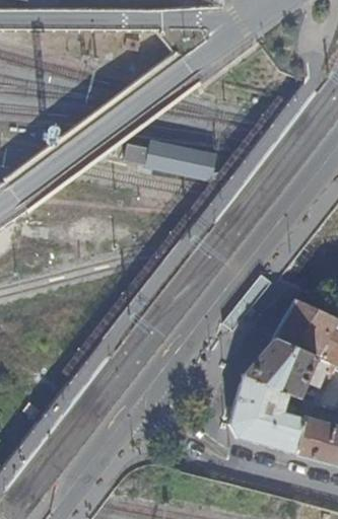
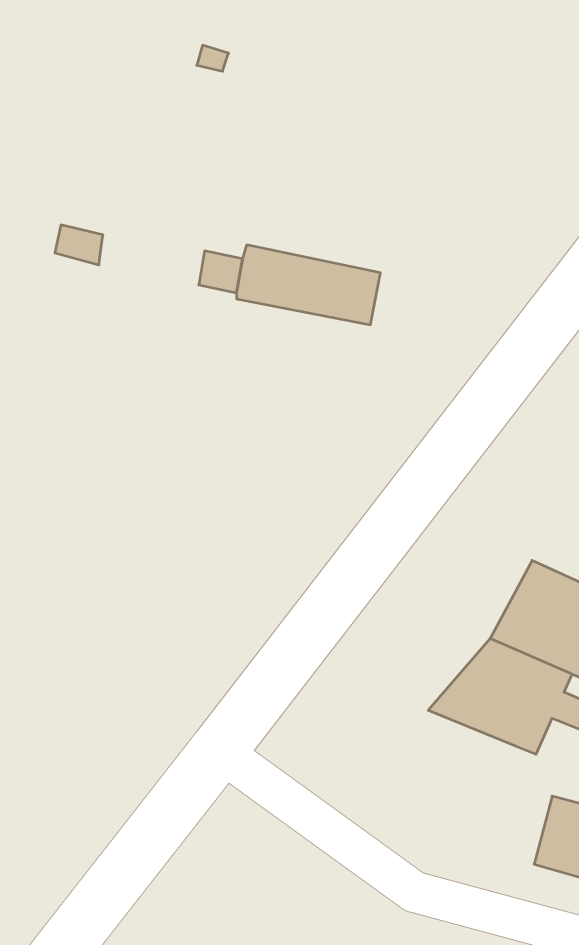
building: [229,376,314,454] -> none

